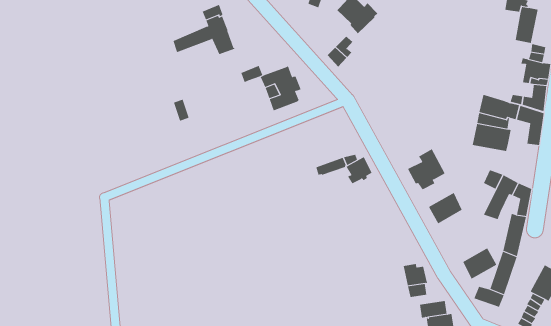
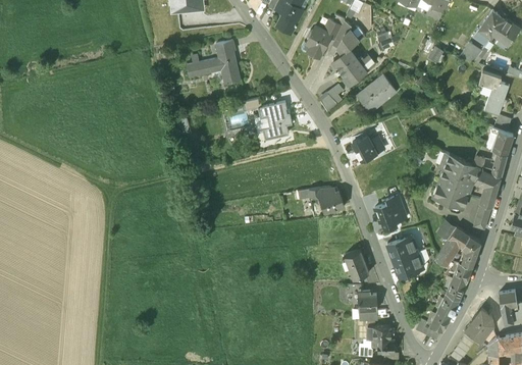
building: none -> [358,76,396,112]
building: none -> [352,136,383,160]
building: none -> [463,199,492,227]
building: none -> [346,250,369,279]
building: [463,248,497,279] -> [394,251,423,276]

